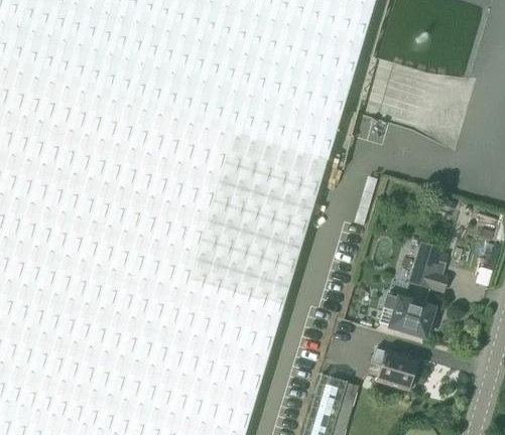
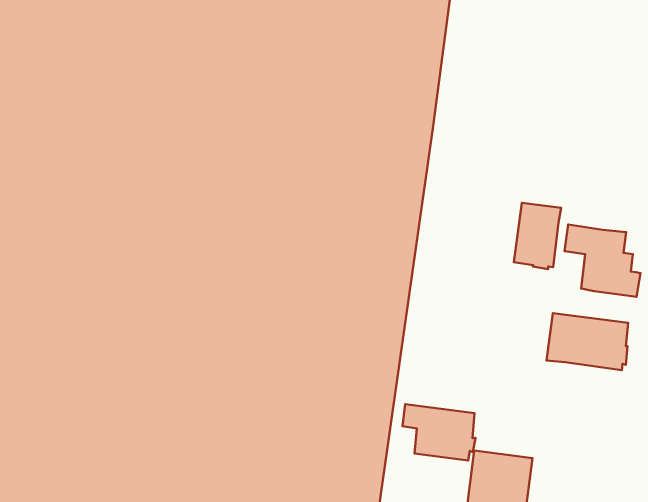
building: none -> [514,203,561,269]
building: [369,349,417,393] -> [403,404,475,460]

